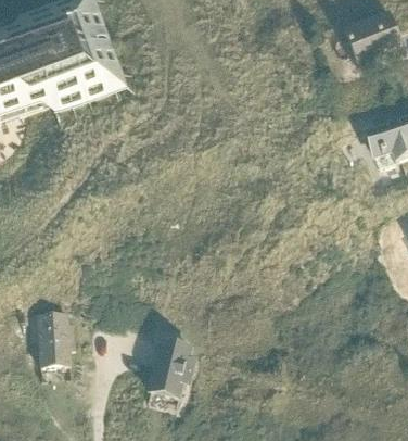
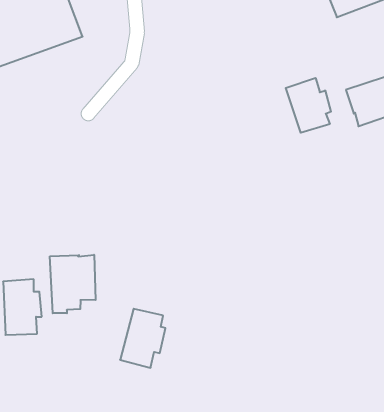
building: none -> [286,78,331,133]
building: none -> [50,255,96,313]

